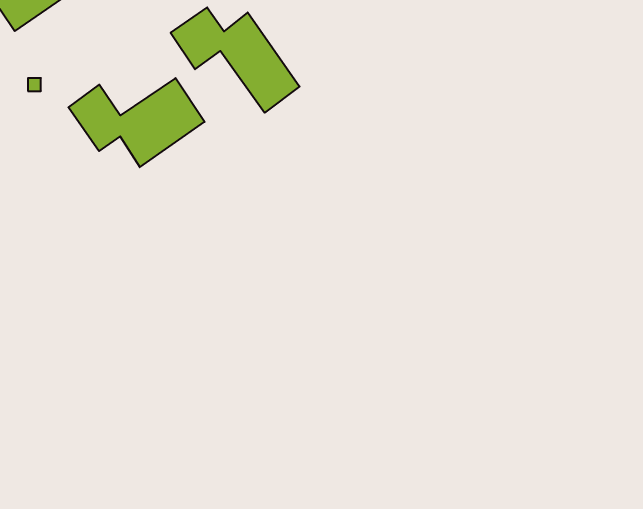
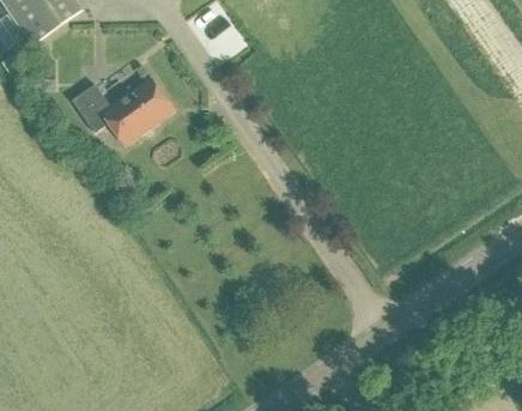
building: [171,7,300,113] -> none

